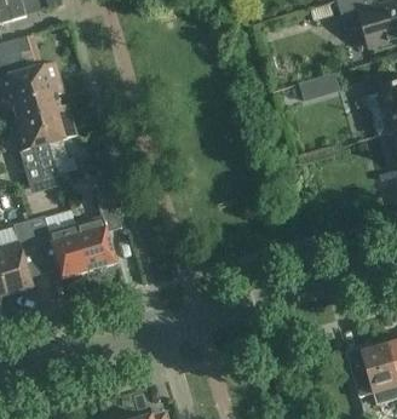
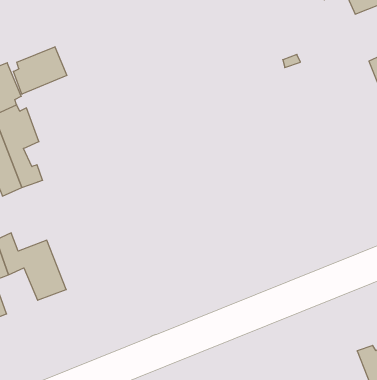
building: none -> [13,47,67,94]
building: [75,195,121,270] -> none

